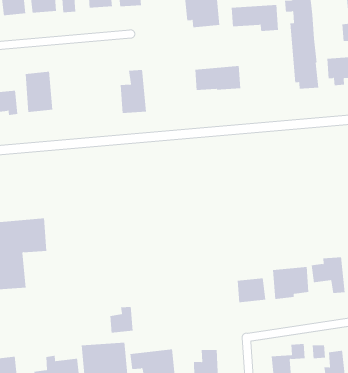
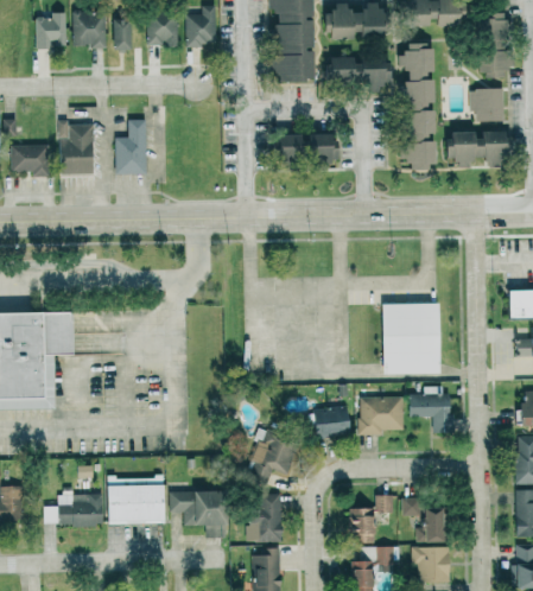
building: [120,69,147,113] -> [116,120,148,174]
building: none -> [382,303,442,373]
building: none -> [247,430,296,487]
building: [110,306,133,334] -> none

